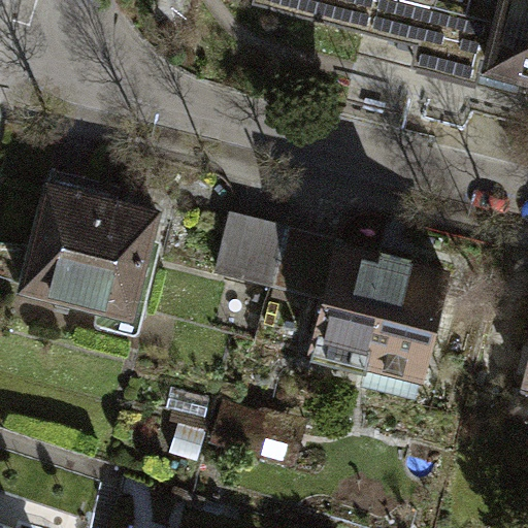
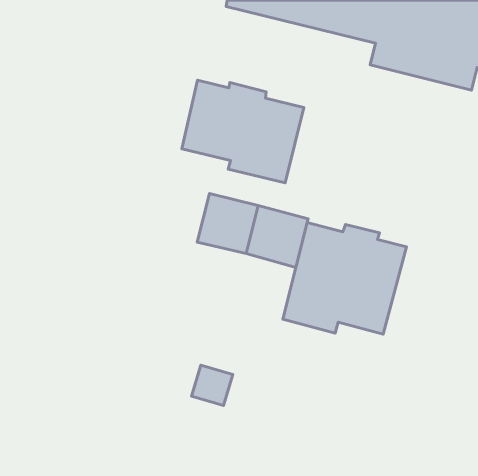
building: none -> [182,80,304,183]
building: [25,170,158,315] -> none

